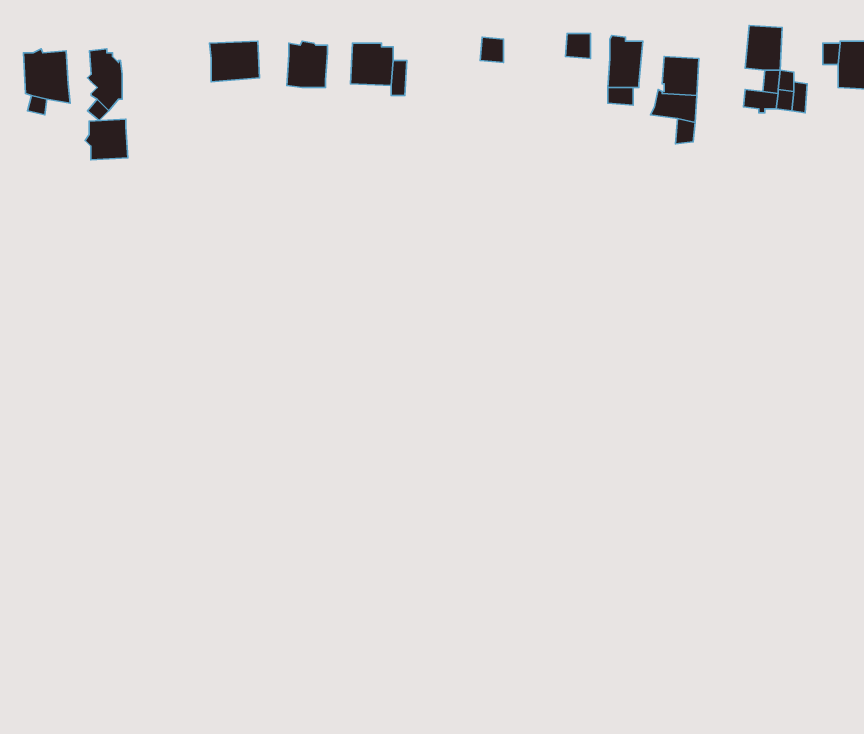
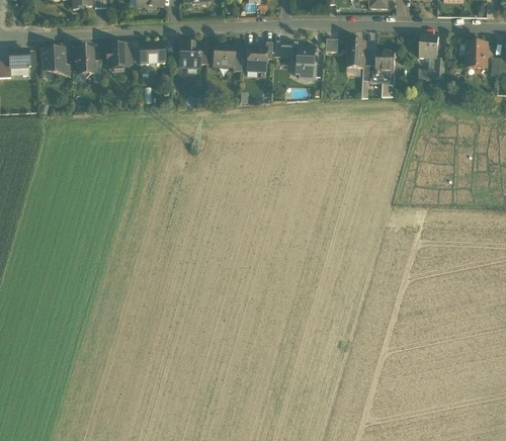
building: none -> [296,45,316,79]
building: none -> [247,46,266,71]
building: [85,119,128,160] -> [105,45,128,66]

